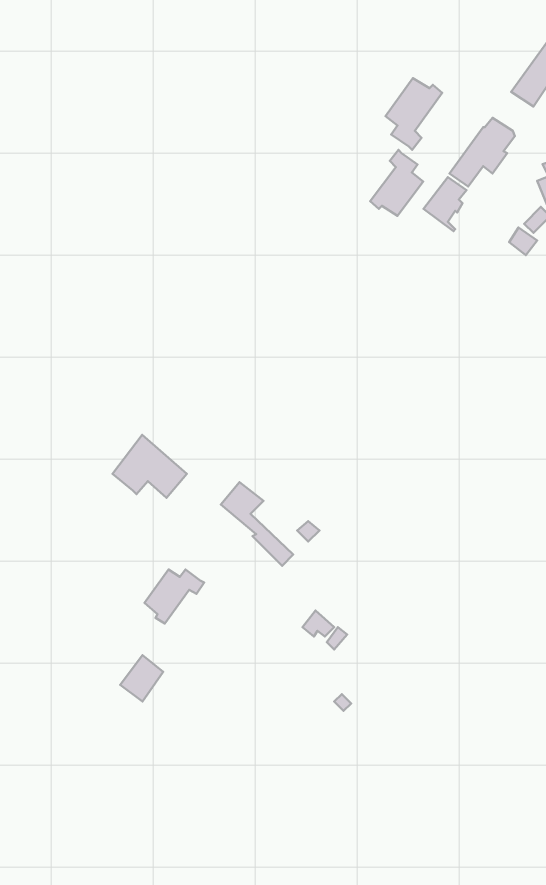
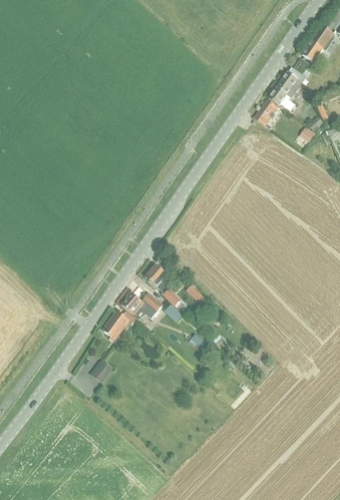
building: [385,78,442,150] -> none
building: [370,150,423,216] -> none
building: [112,435,187,498] -> [121,284,161,318]

